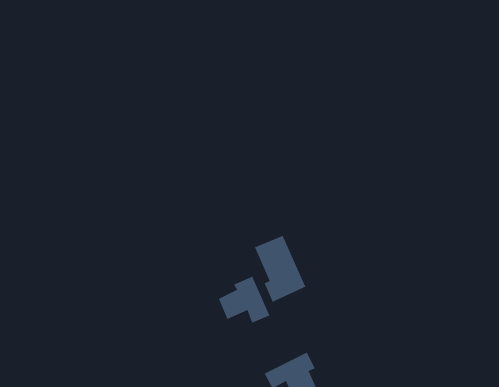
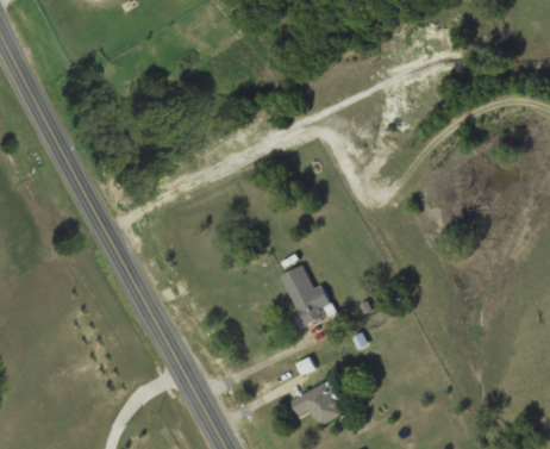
building: [218,276,270,323] -> none

